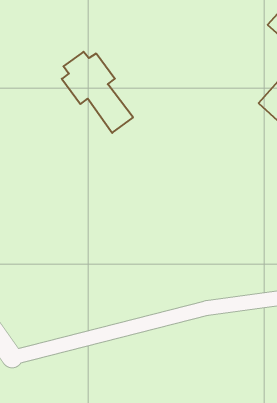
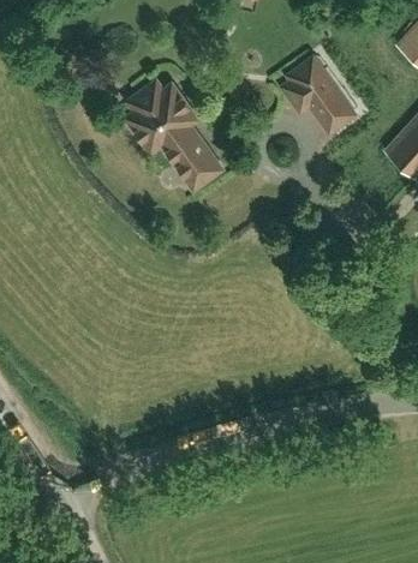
building: none -> [282,58,354,132]

